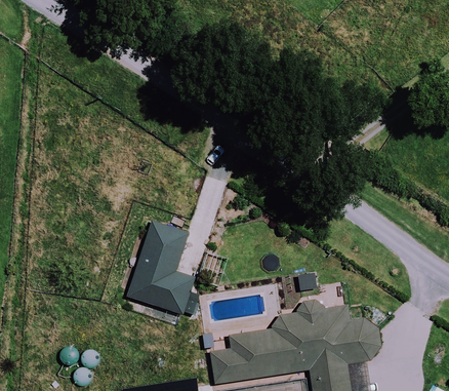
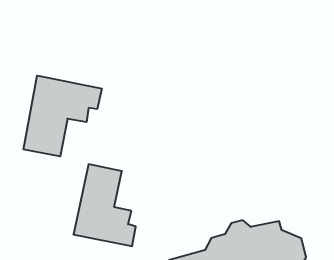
building: none -> [24,76,102,156]

